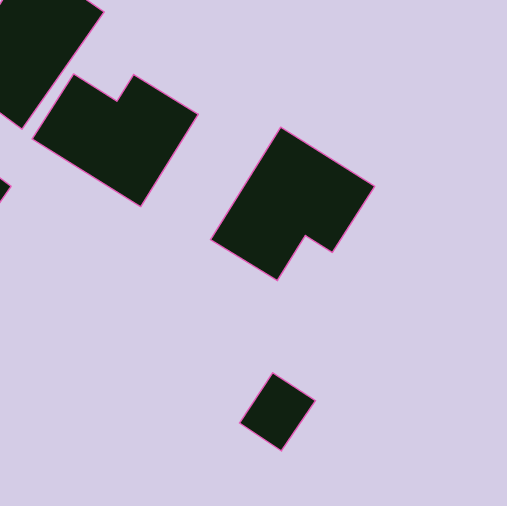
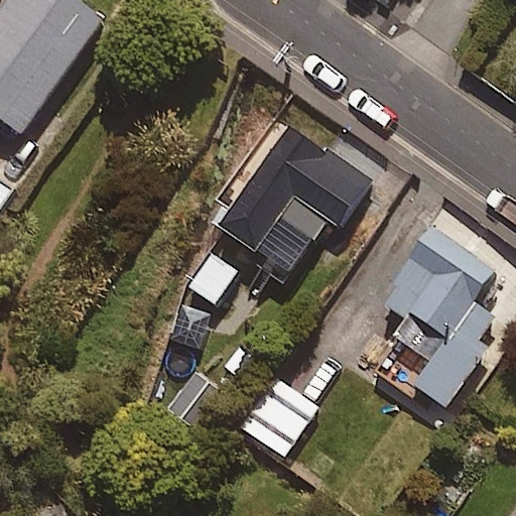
building: [32,74,198,207] -> none
building: none -> [378,225,493,403]

